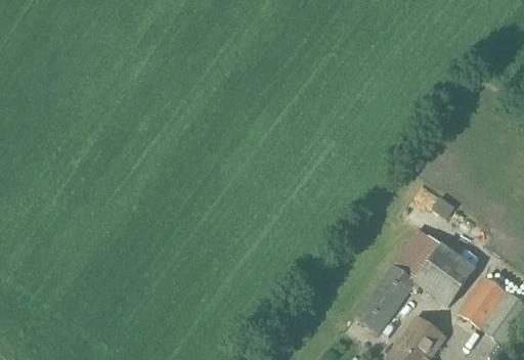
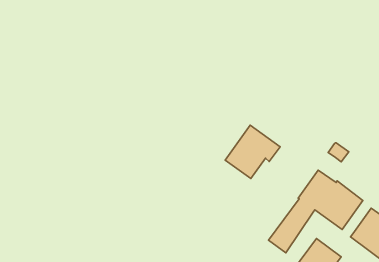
building: none -> [225,125,280,179]

